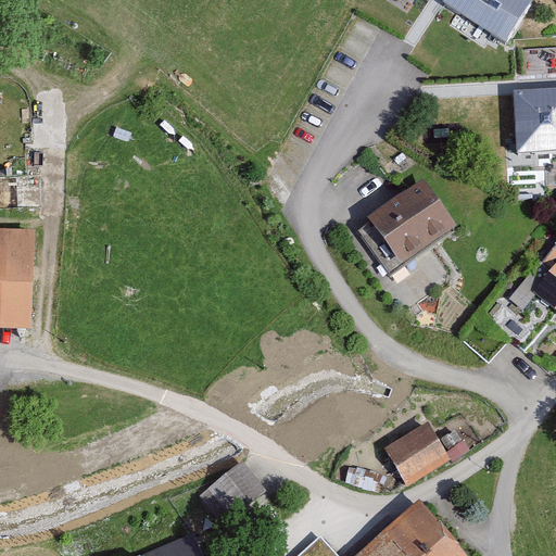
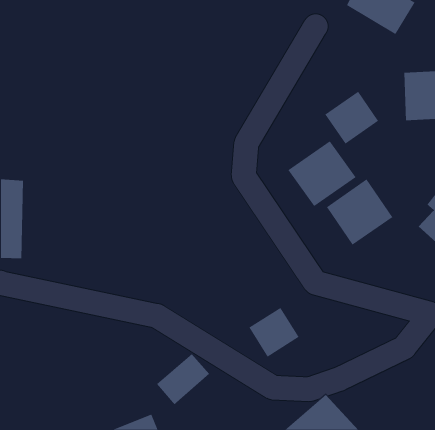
building: none -> [325,91,379,145]
building: none -> [326,179,393,246]
building: [383,422,448,486] -> [248,307,300,357]

